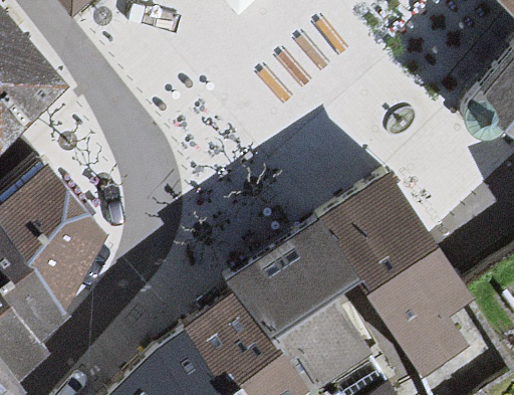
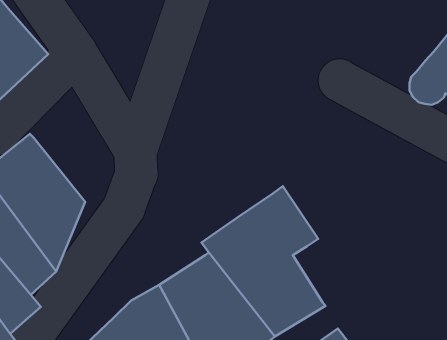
building: [321,173,470,372] -> none

